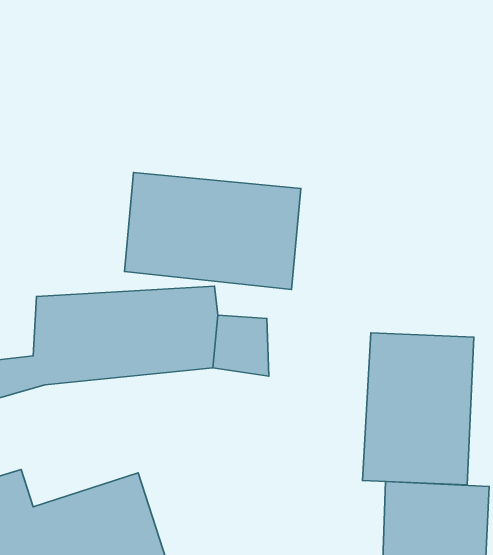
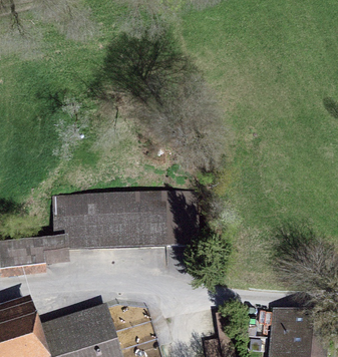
building: [124,172,301,289] -> none
building: [362,333,474,485] -> none

